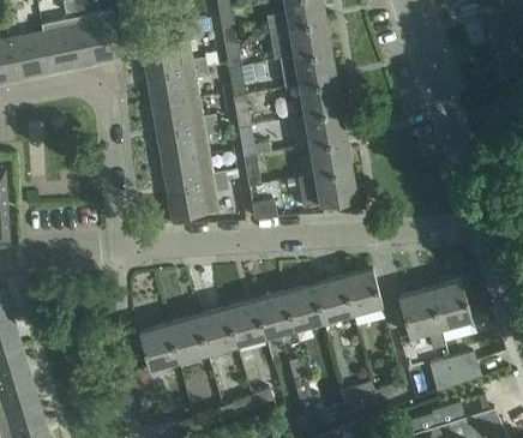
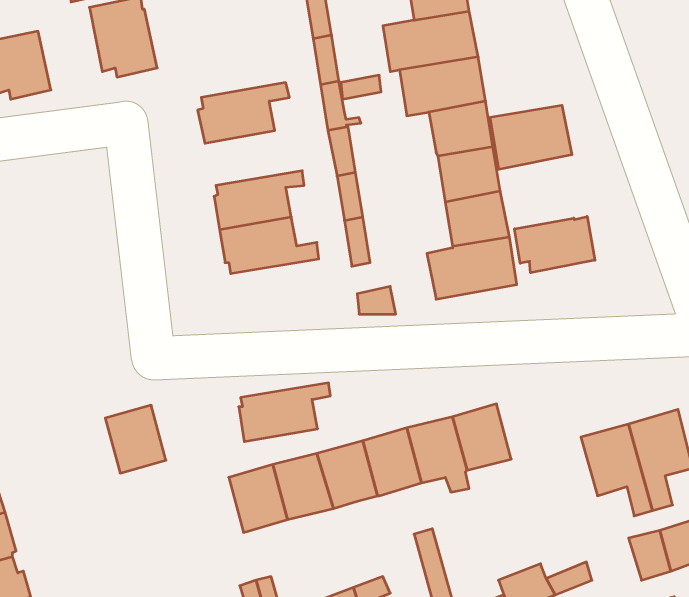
building: [42,17,85,71] -> none
building: [142,40,205,76] -> none
building: none -> [490,105,572,169]
building: [152,97,216,133] -> none
building: none -> [515,216,595,273]
building: [168,181,228,220] -> [239,383,330,442]
building: [343,269,381,312] -> none
building: [138,324,178,368] -> [105,405,166,473]

